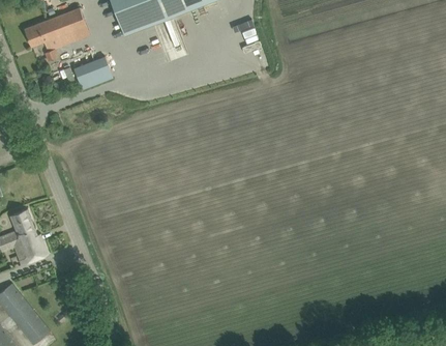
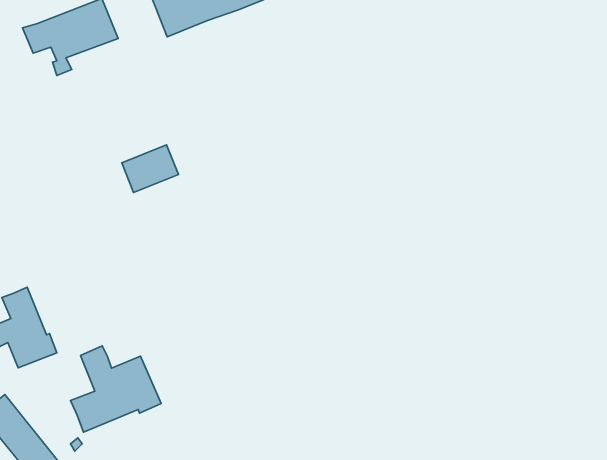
building: [73,56,113,89] -> [122,145,178,192]
building: none -> [71,346,161,432]

